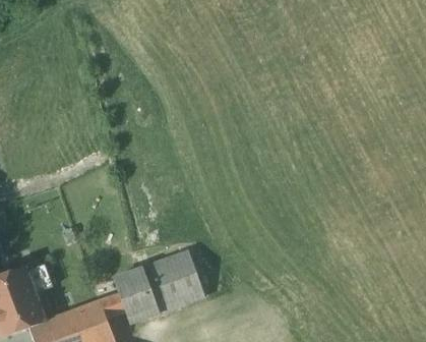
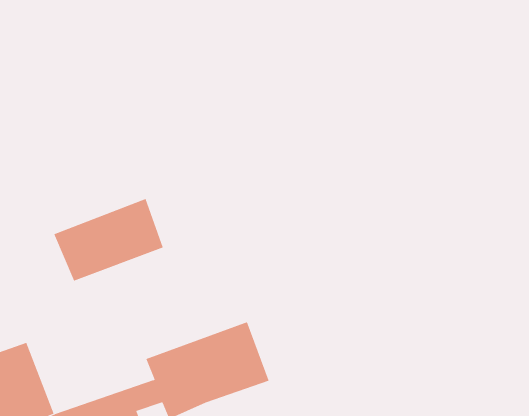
building: none -> [54,198,164,282]

